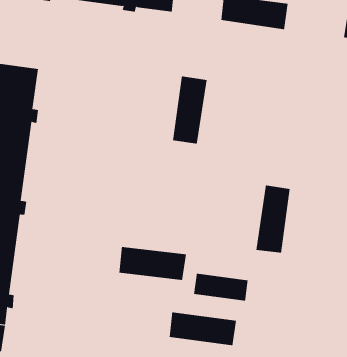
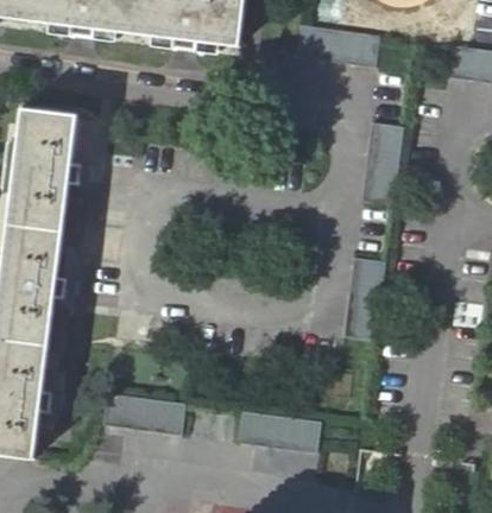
building: [172,76,207,144] -> [361,122,404,205]
building: [118,246,187,281] -> [103,395,187,437]
building: [193,273,248,301] -> none

